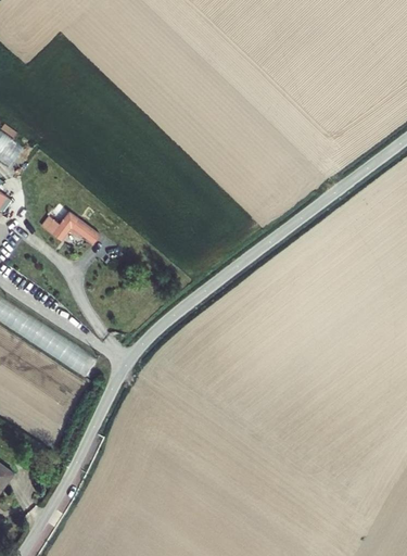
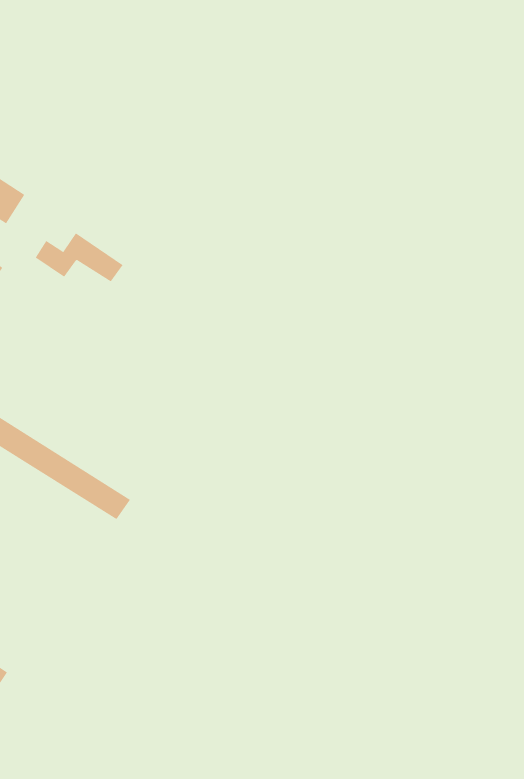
building: [36,210,98,244] -> [35,233,124,282]

